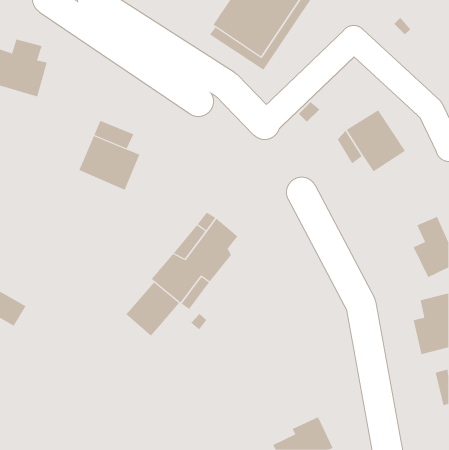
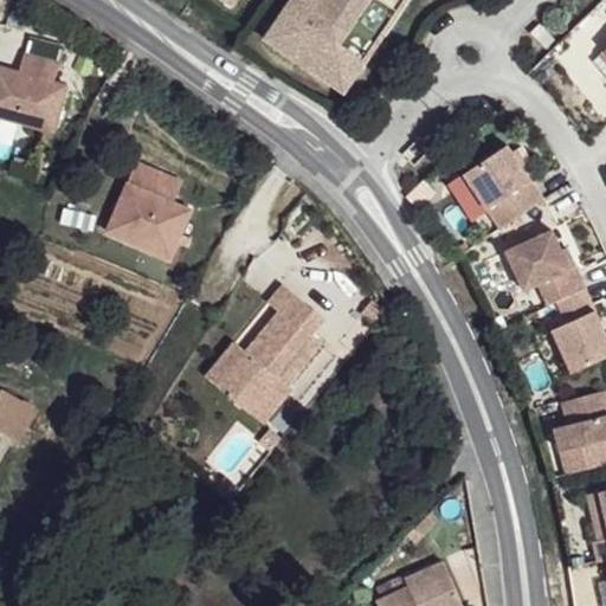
building: none -> [507,231,587,307]
building: [125,282,180,336] -> none

